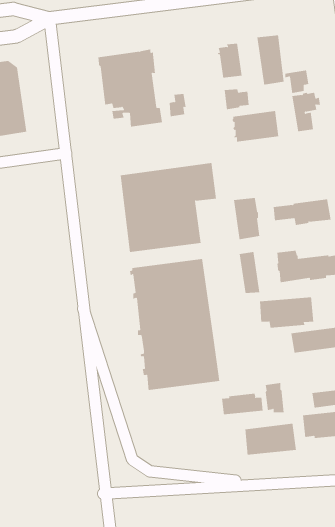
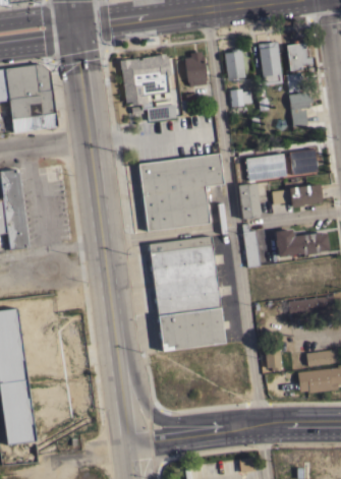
building: none -> [287,40,314,70]
building: none -> [184,51,208,86]
building: [231,111,279,142] -> [245,154,287,181]
building: none -> [289,148,319,175]
building: [260,297,314,329] -> none
building: [222,393,263,415] -> none
building: [245,423,297,456] -> none

